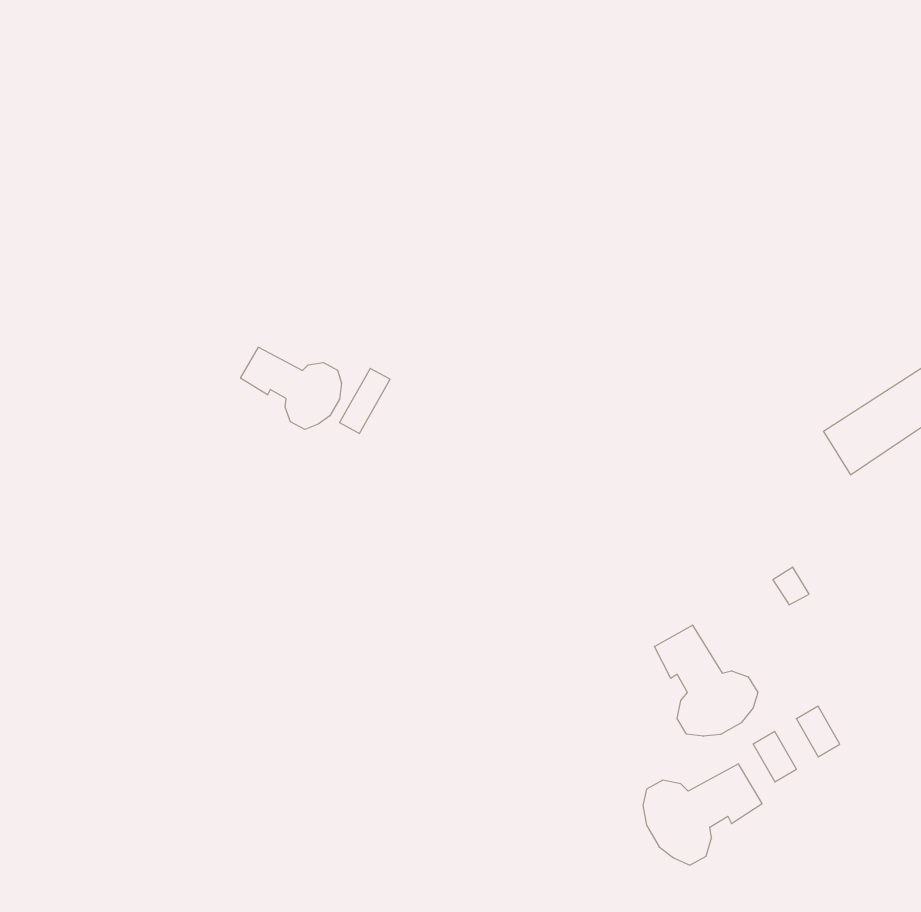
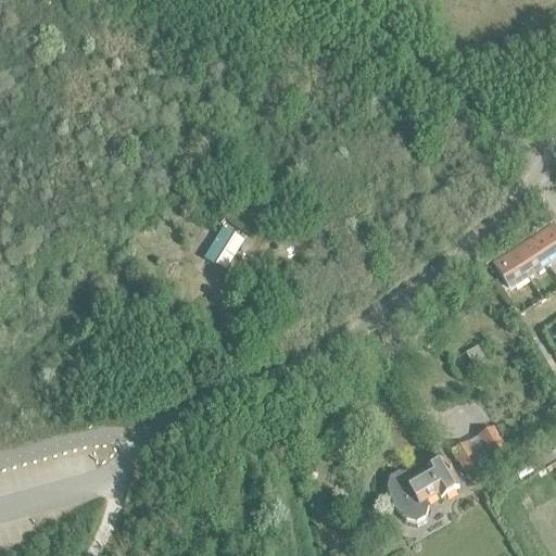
building: [241,347,341,429] -> none
building: [654,625,758,736] -> none

